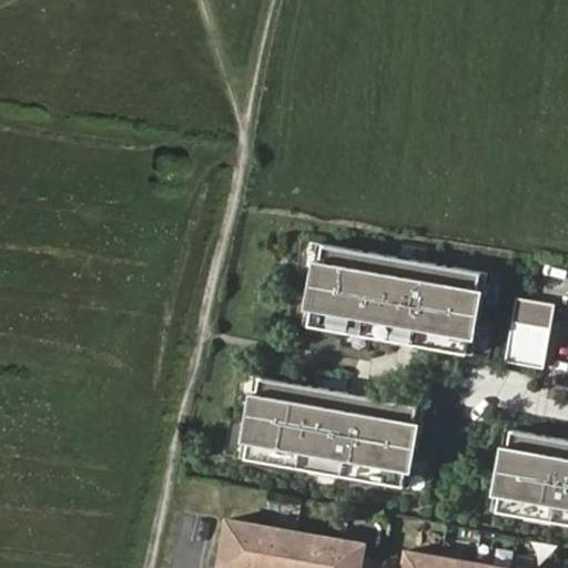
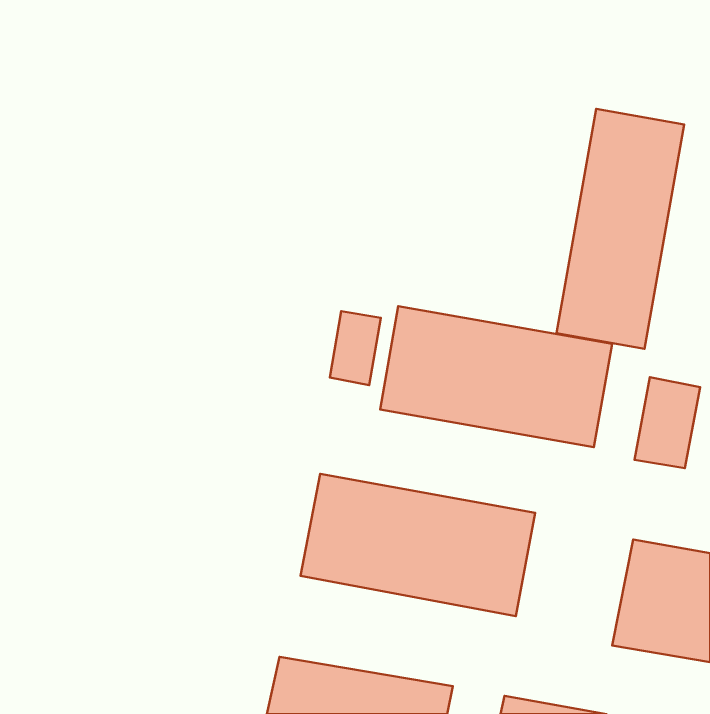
building: none -> [557,109,684,349]
building: none -> [330,311,381,385]

